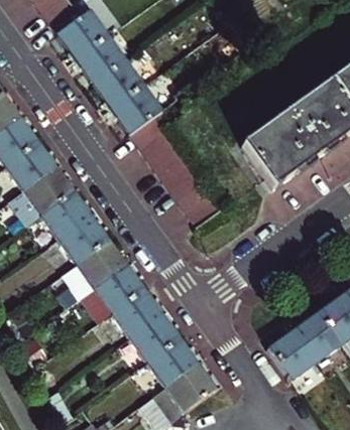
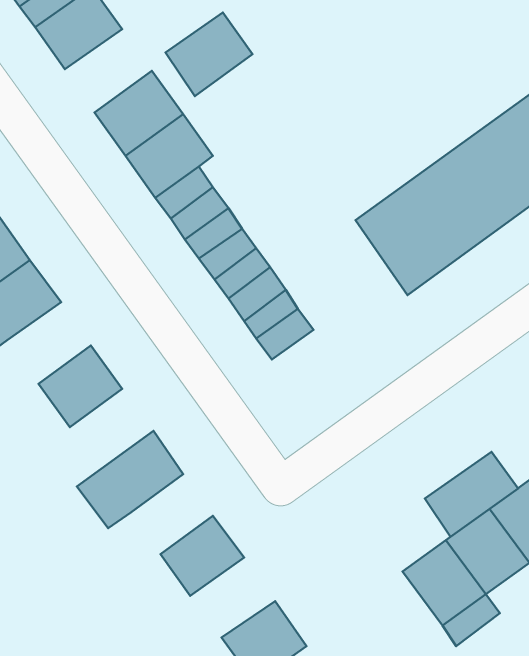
building: [74,32,124,81] -> [165,13,252,96]
building: [40,190,89,238] -> none
building: [64,241,125,297] -> none
building: none -> [425,452,518,537]
building: [112,290,159,336] -> none
building: [146,338,196,385] -> none

